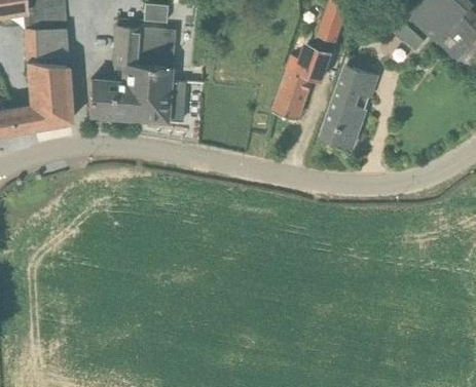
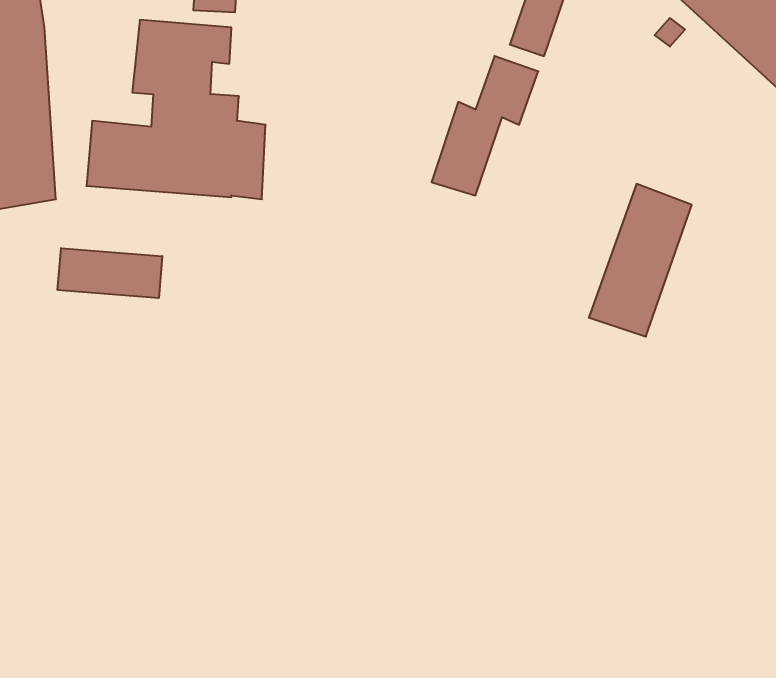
building: [321,66,376,148] -> [589,184,692,337]
building: none -> [58,248,162,298]

